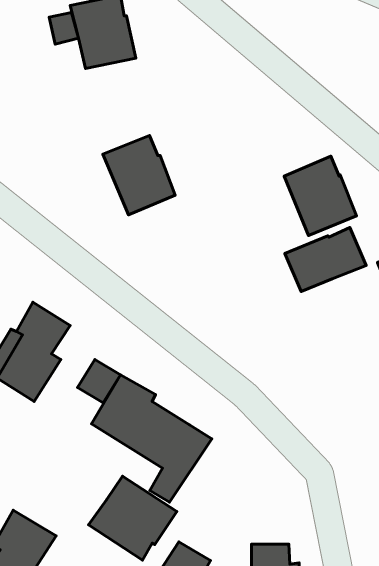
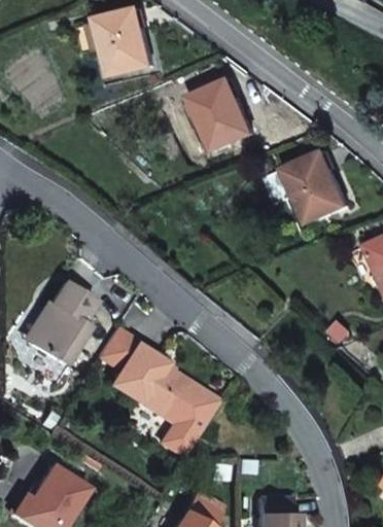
building: [103,136,175,215] -> [187,80,251,150]
building: [285,228,366,291] -> none
building: [88,476,177,560] -> none

